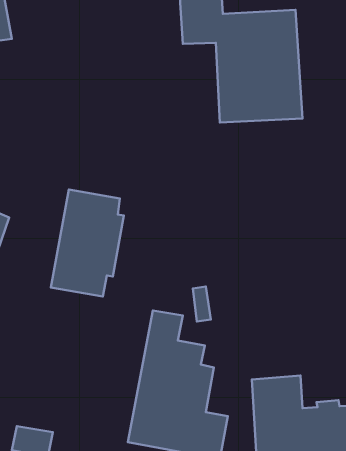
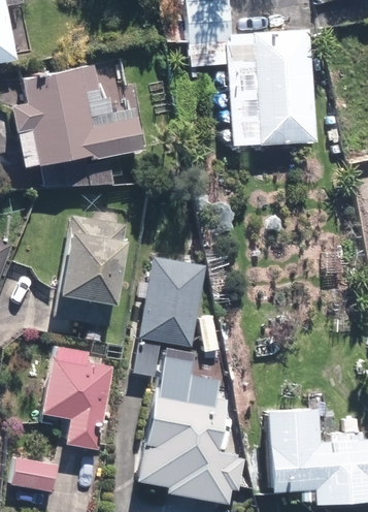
building: none -> [19,64,148,188]
building: none -> [125,242,201,362]
building: none -> [51,348,116,449]

